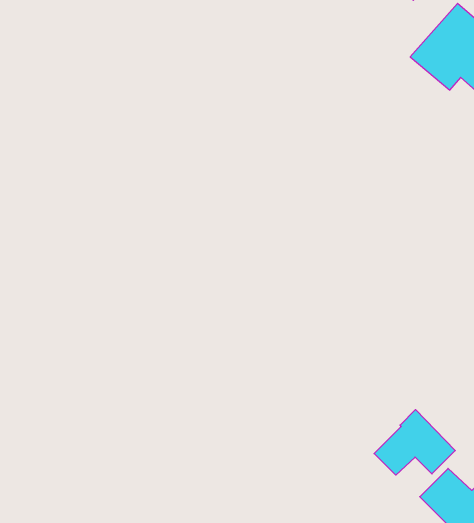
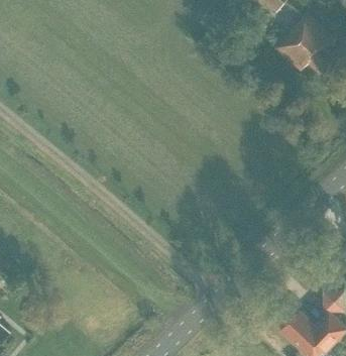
building: [374,410,455,475] -> none

